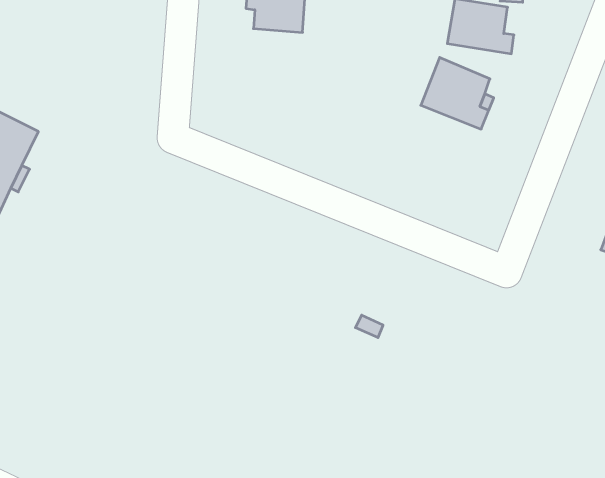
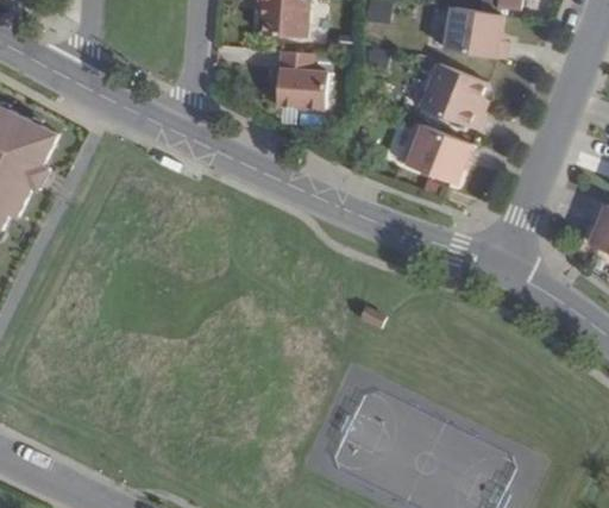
building: none -> [275,50,327,109]
building: none -> [400,121,470,183]

